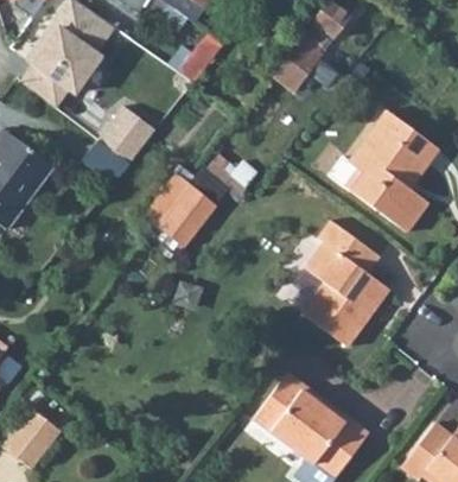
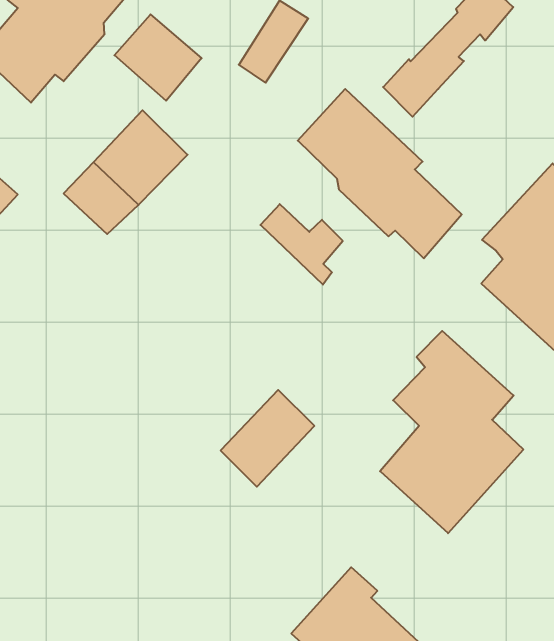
building: none -> [114,14,202,101]
building: none -> [298,89,462,258]
building: [161,186,218,248] -> [221,390,314,487]

